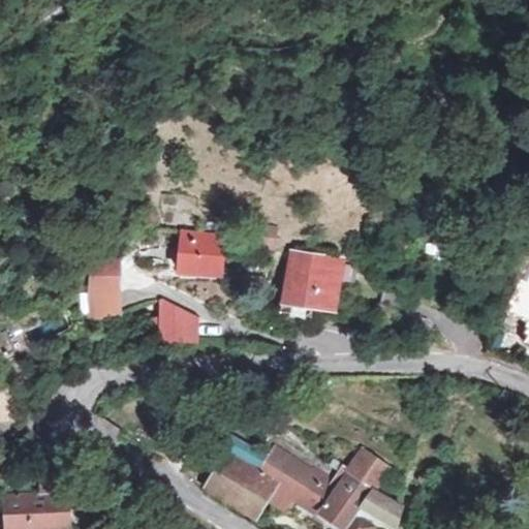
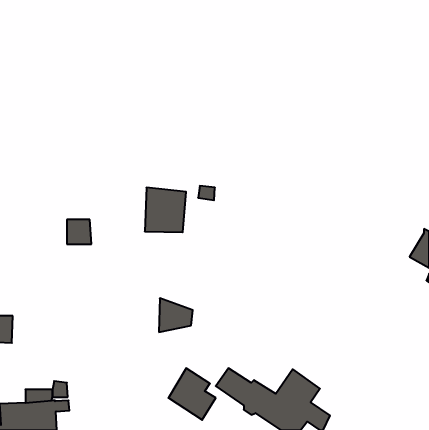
building: [281,251,345,319] -> none
building: [152,306,193,347] -> [159,298,193,332]

